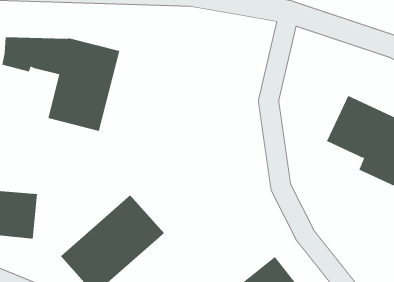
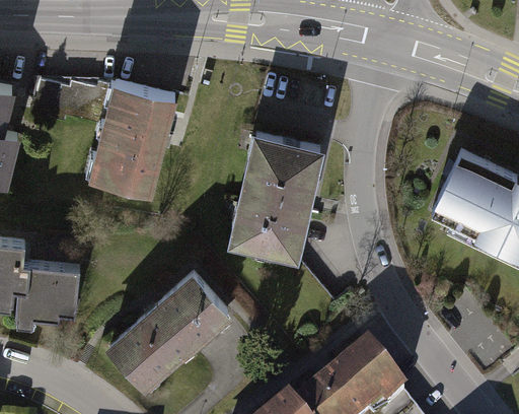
building: none -> [225,124,326,255]

